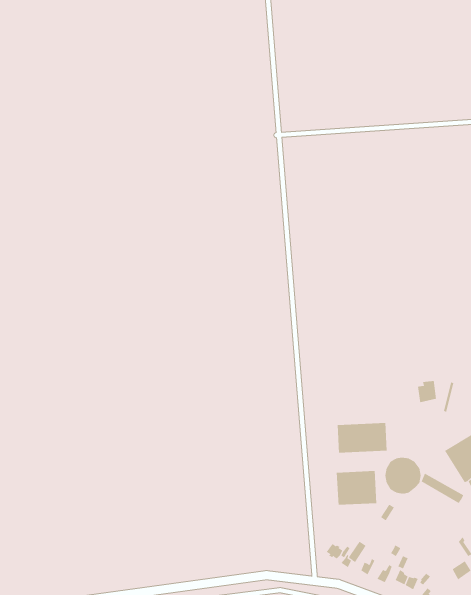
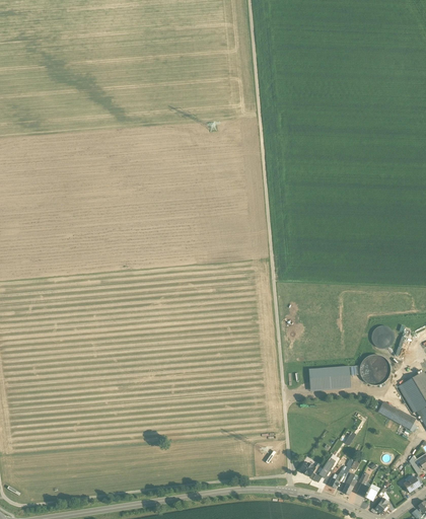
building: [385,457,422,494] -> [360,354,390,384]
building: [336,470,377,506] -> none

